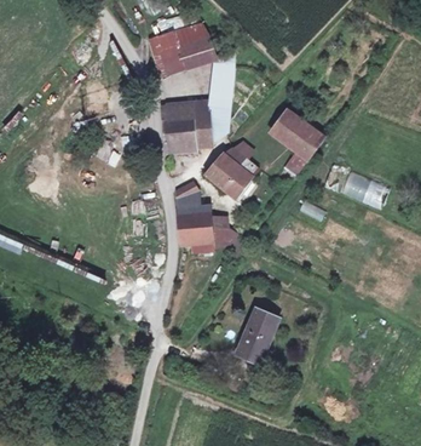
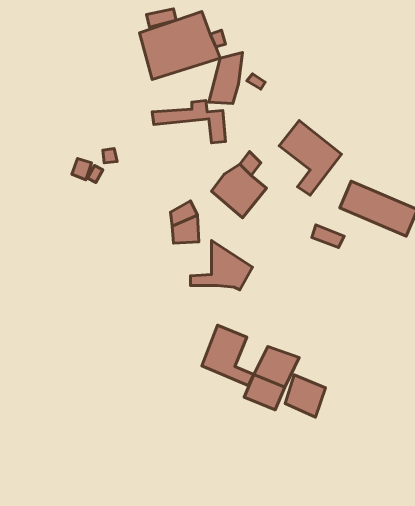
building: [161,110,212,149] -> none
building: [178,215,211,246] -> none
building: none -> [202,325,254,386]
building: none -> [285,375,326,417]

